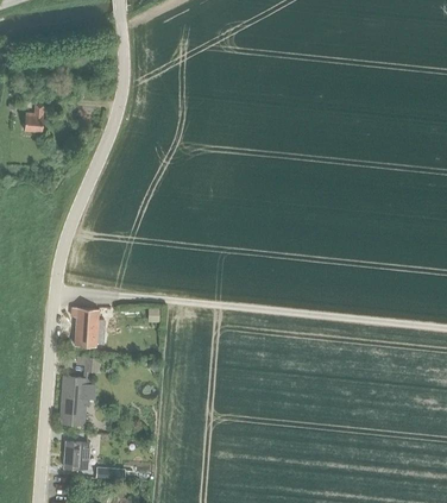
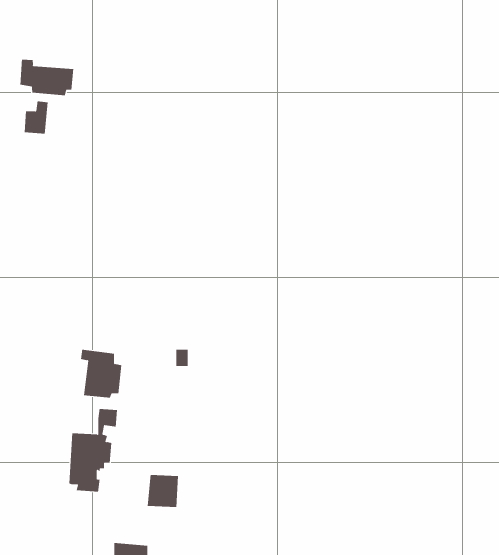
building: none -> [20,59,74,96]
building: [63,441,89,469] -> [147,474,179,508]

